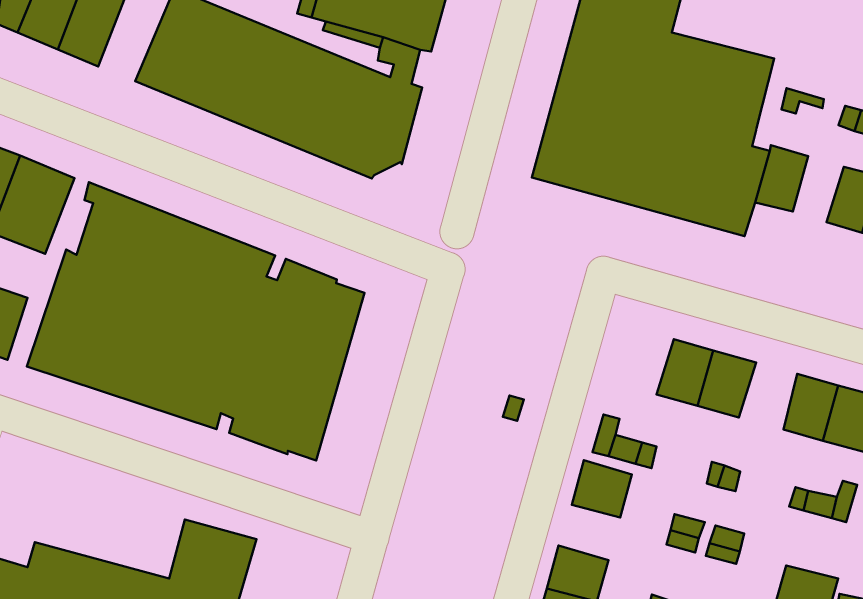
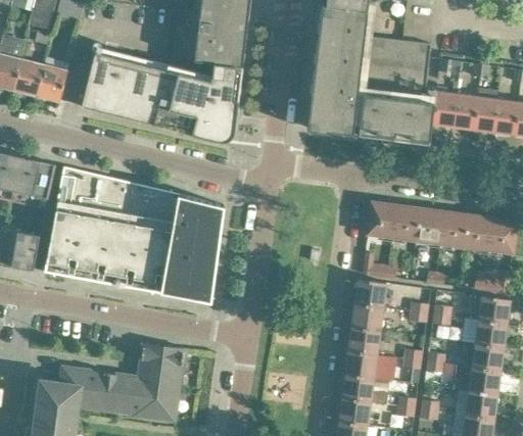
building: none -> [453,95,477,130]
building: none -> [367,202,397,238]
building: none -> [439,212,468,247]
building: none -> [350,305,382,333]
building: none -> [477,296,510,325]

